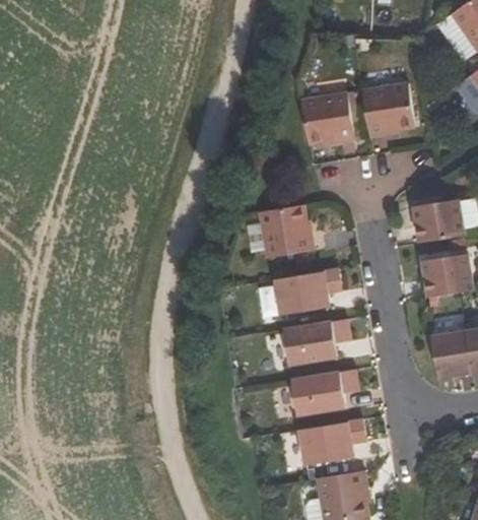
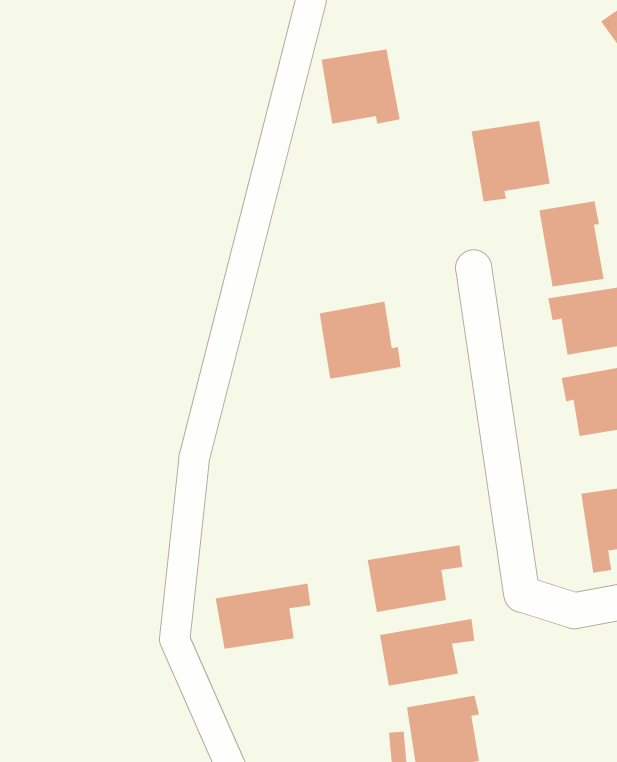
building: [301,93,355,144] -> [321,49,401,124]
building: none -> [539,200,604,287]
building: [276,269,341,314] -> none
building: [283,320,348,365] -> [215,583,311,649]

